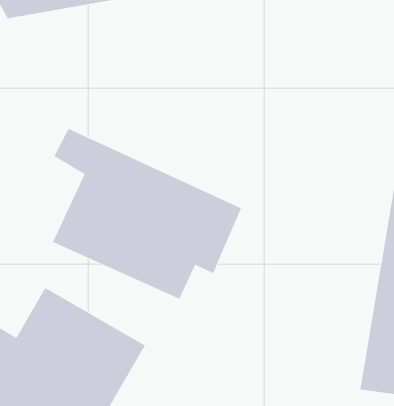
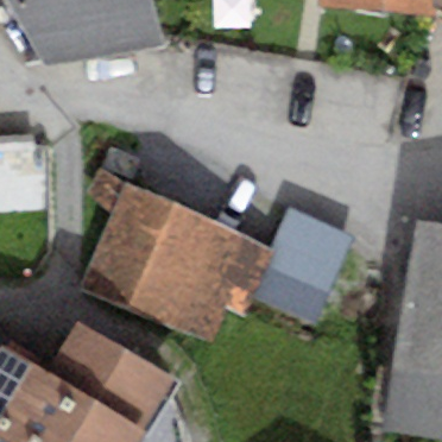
building: none -> [248,207,353,322]

